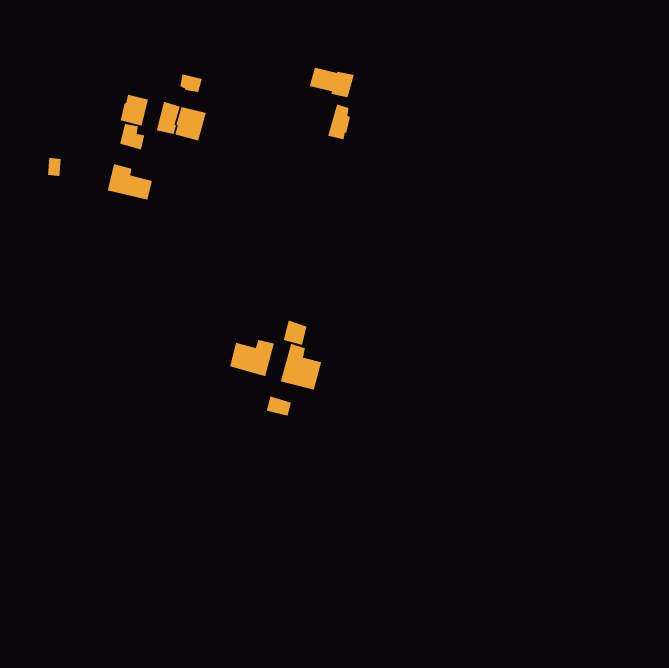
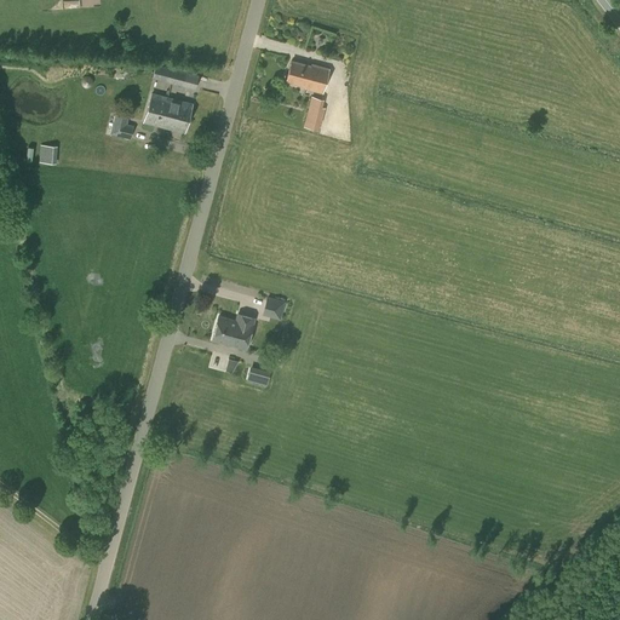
building: [120,94,149,127] -> none
building: [107,163,153,201] -> none
building: [280,343,322,390] -> none

